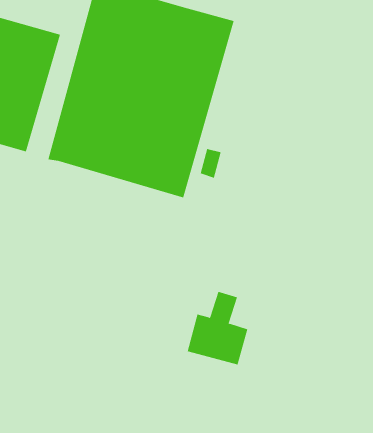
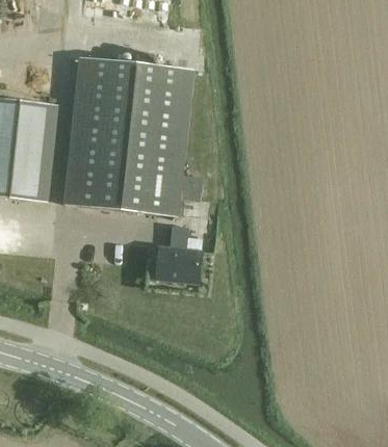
building: [187,291,248,365] -> [155,226,201,282]

